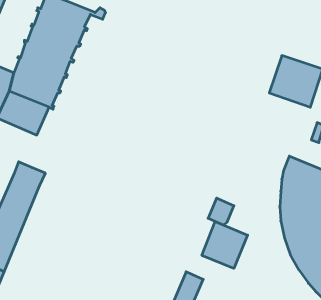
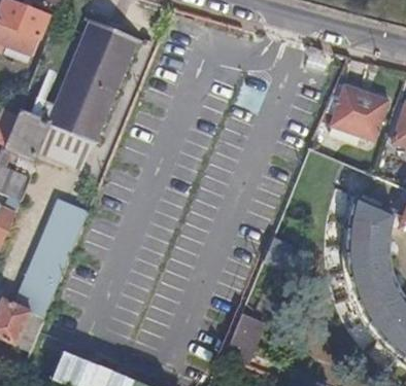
building: [202,222,248,268] -> none

